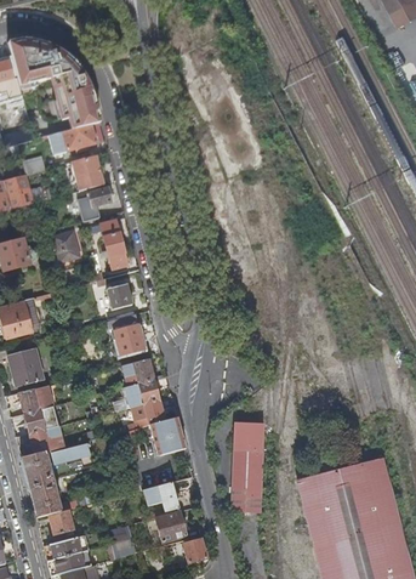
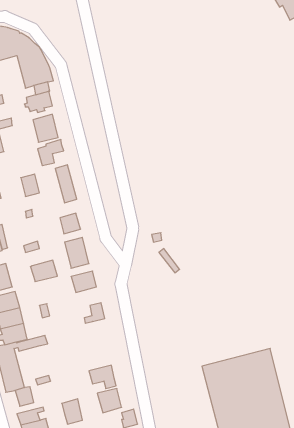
building: [125,379,160,407] -> [30,260,57,282]
building: [149,416,186,454] -> none
building: [226,425,258,515] -> none

